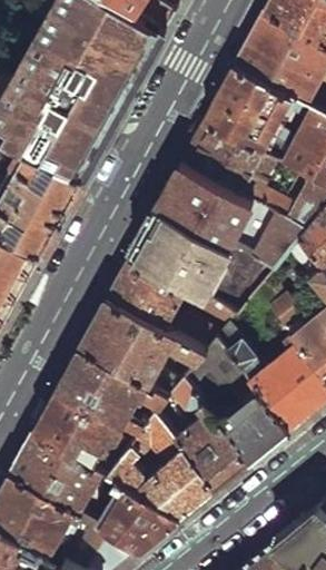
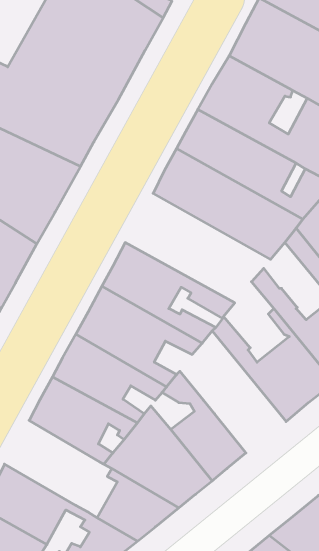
building: [131,202,276,311] -> none
building: [186,338,292,460] -> none
building: [11,428,106,512] -> none

